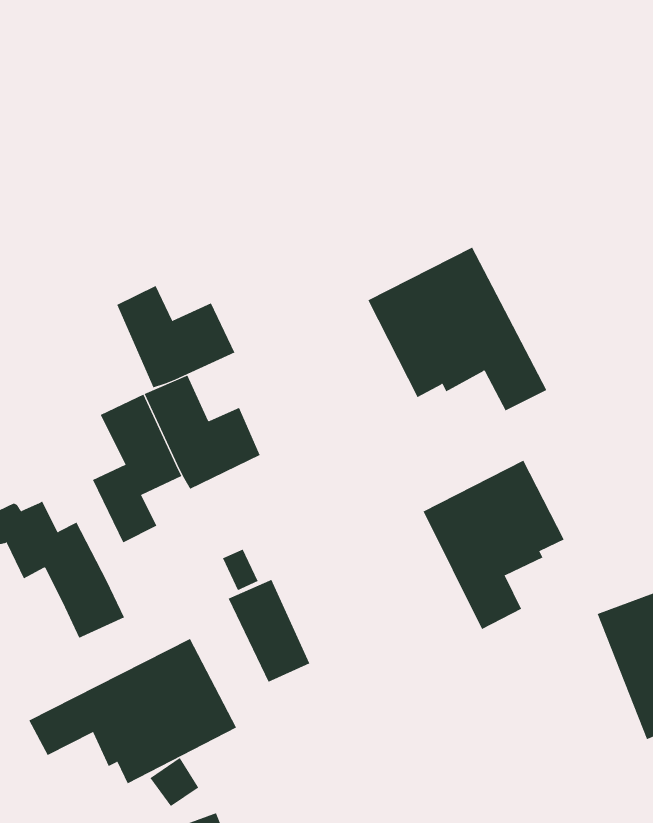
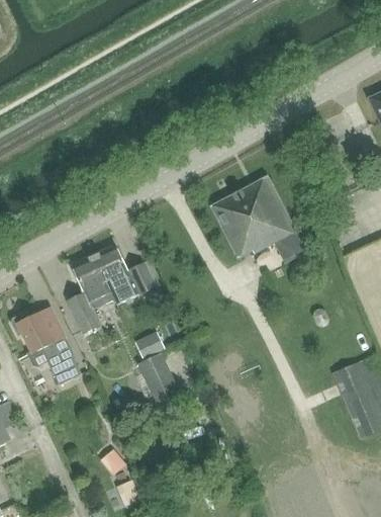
building: [116,285,235,388] -> none
building: [423,460,564,630] -> none
building: [29,638,237,784] -> none

